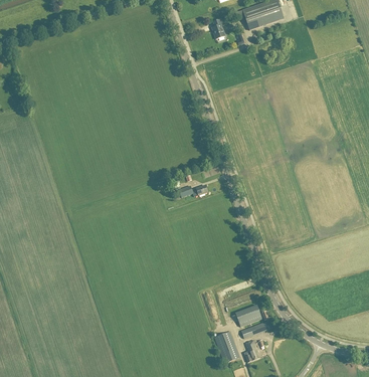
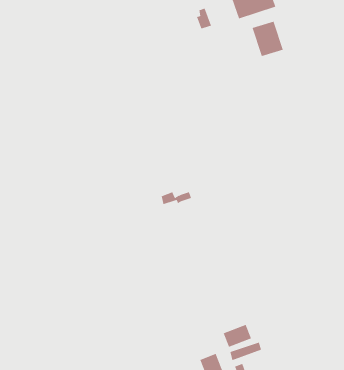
building: none -> [252,21,283,57]

